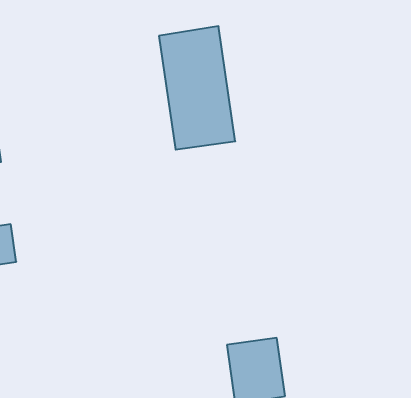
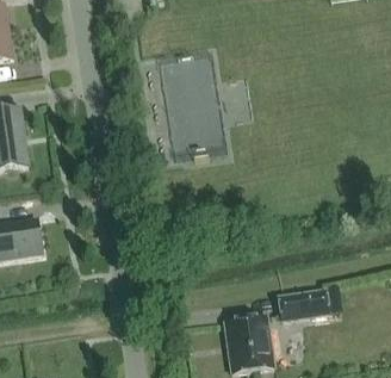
building: none -> [278,285,341,322]

